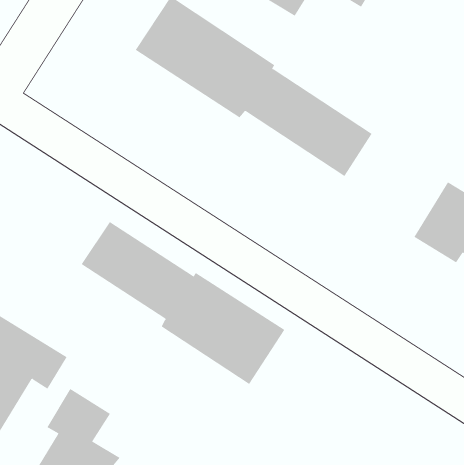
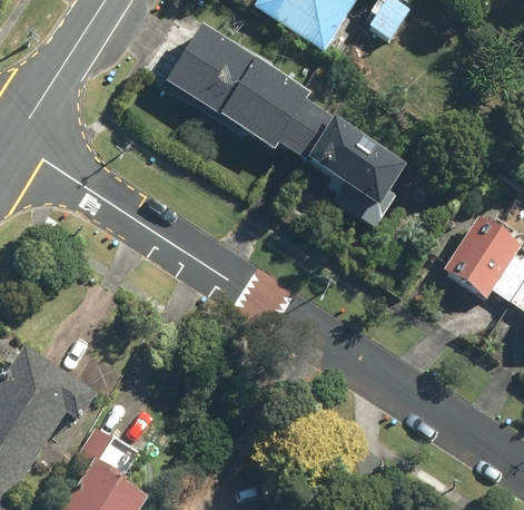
building: [81,221,285,385] -> none

